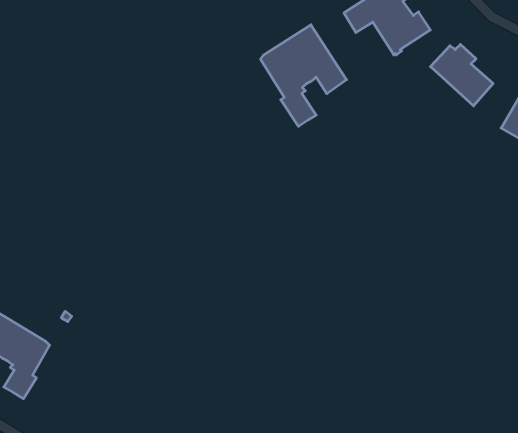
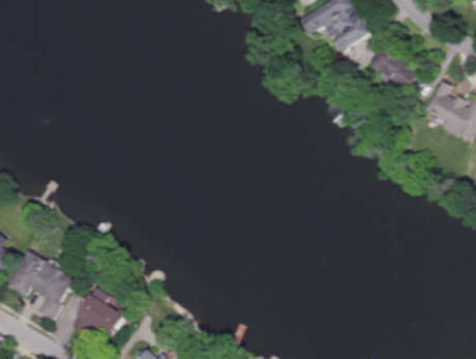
building: [261,25,347,126] -> none
building: none -> [69,287,125,337]

